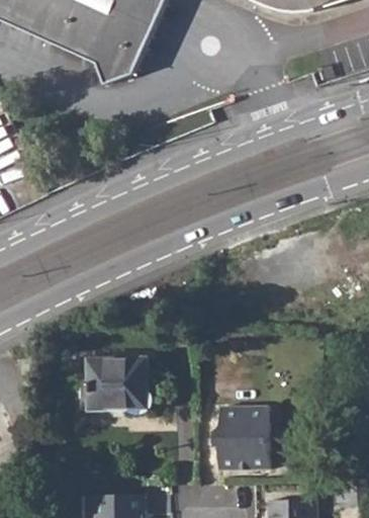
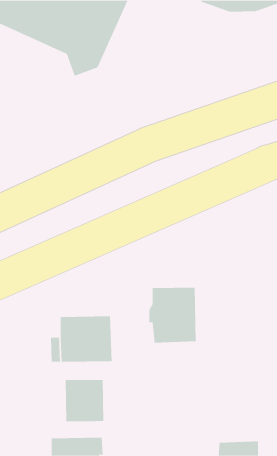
building: [215,409,270,472] -> [148,287,197,343]
building: none -> [65,379,104,422]

